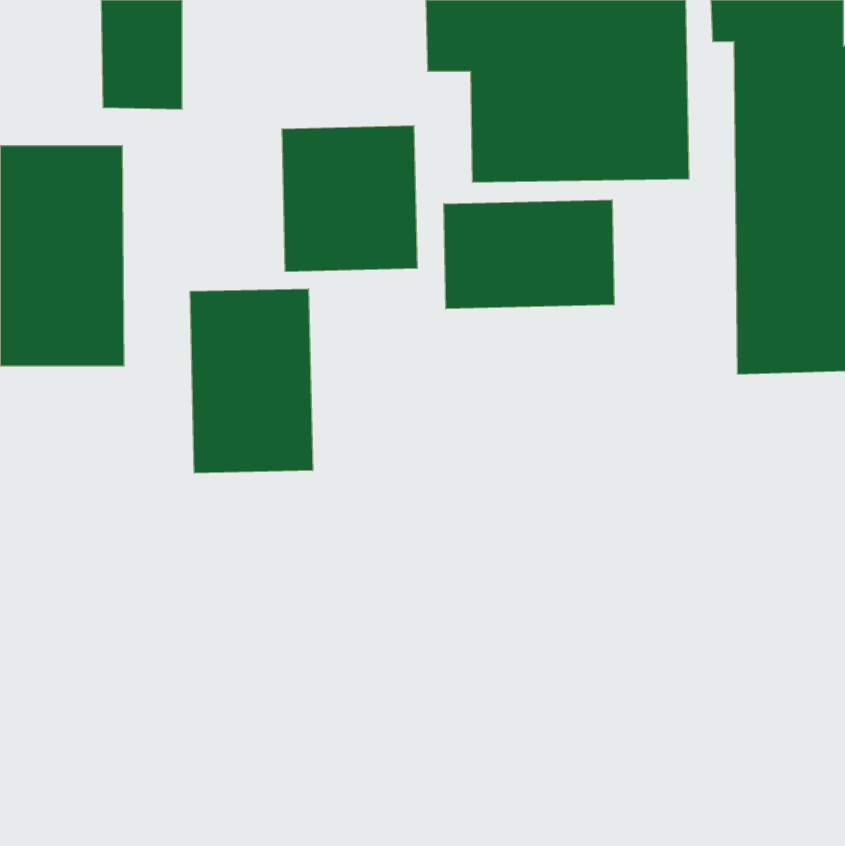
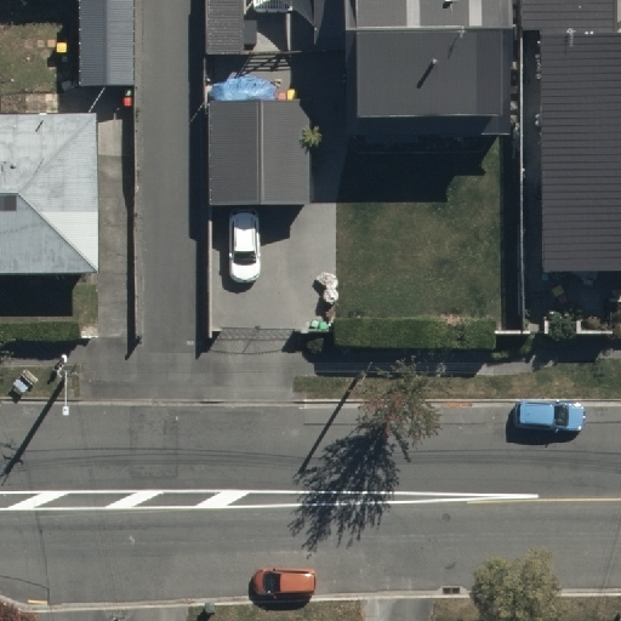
building: [444,200,614,309] -> none
building: [190,289,313,473] -> none

